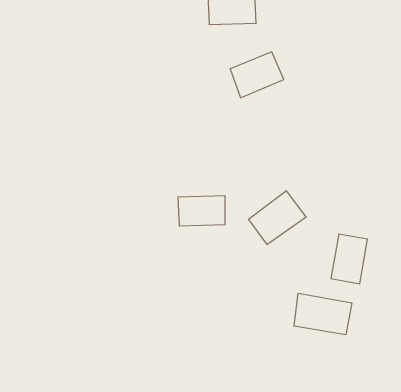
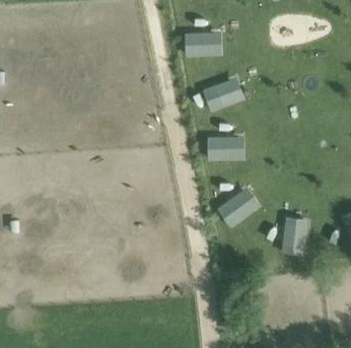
building: [178,196,225,226] -> [207,136,243,159]
building: [294,293,352,335] -> none

